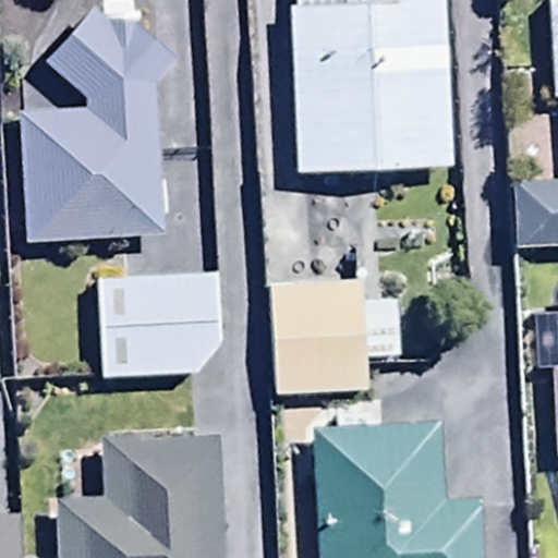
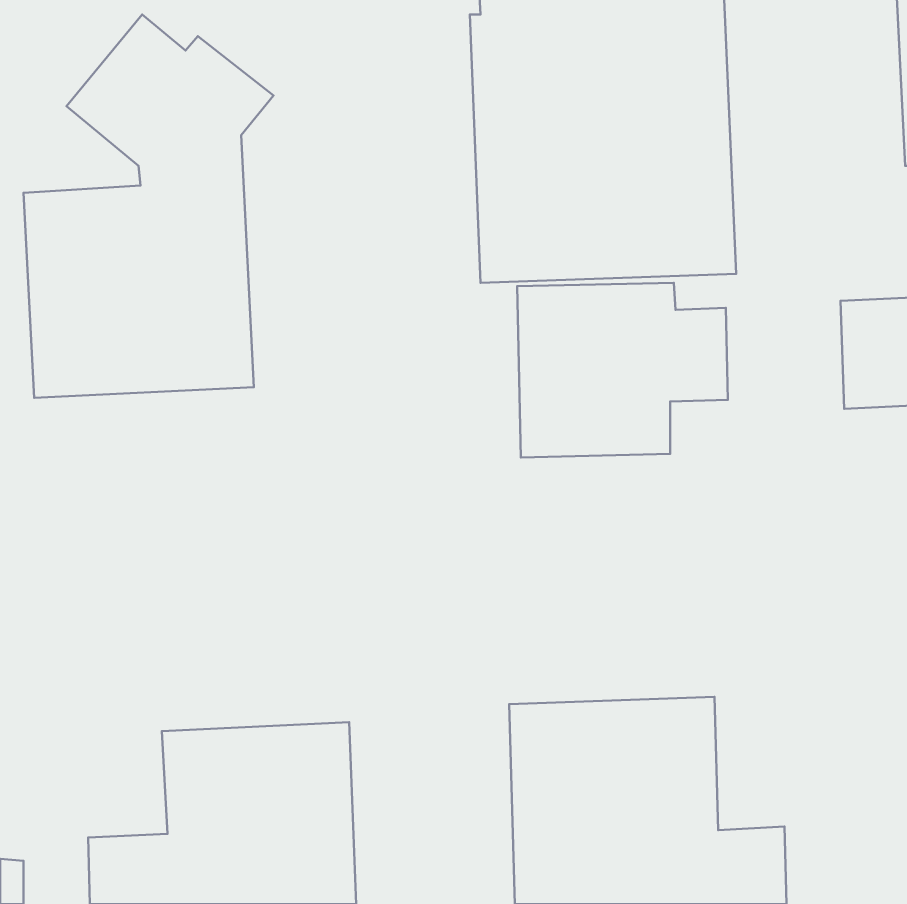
building: [100,277,225,378] -> none
building: [274,287,401,392] -> [517,283,728,457]

